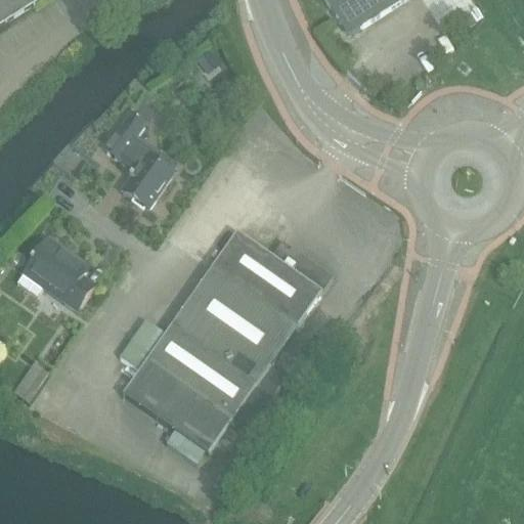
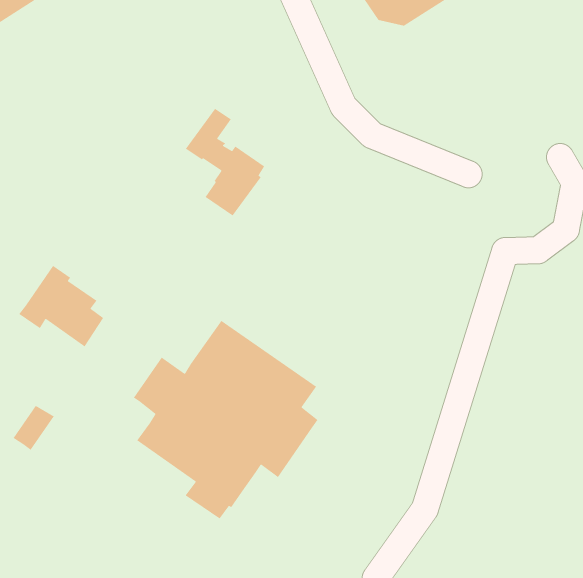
building: [103,111,175,208] -> [185,108,265,217]
building: [198,230,332,345] -> none

